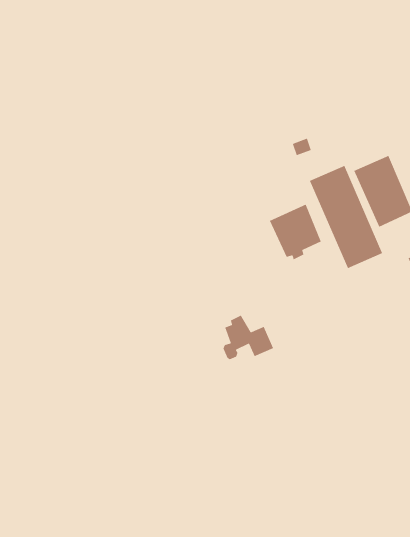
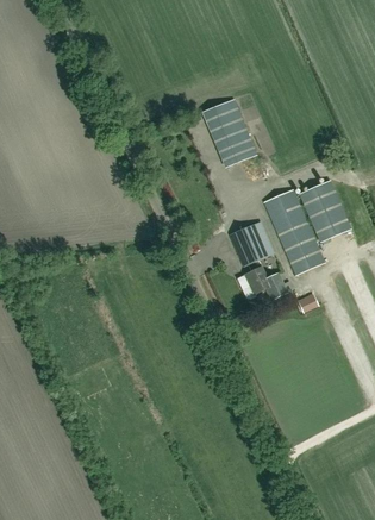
building: none -> [202,98,257,168]
building: [223,314,274,360] -> [244,263,287,301]

